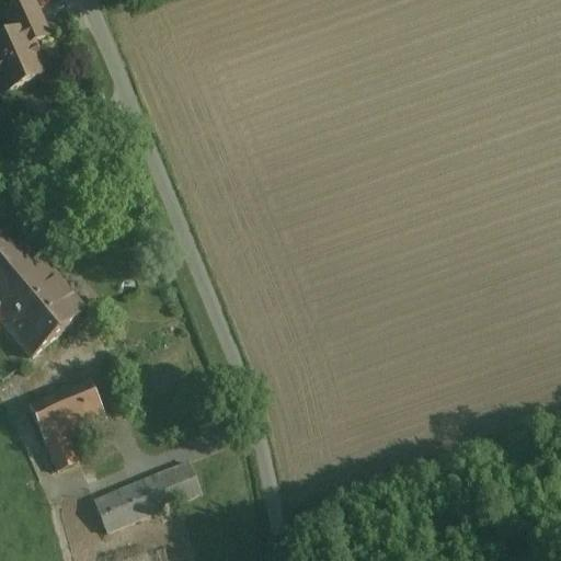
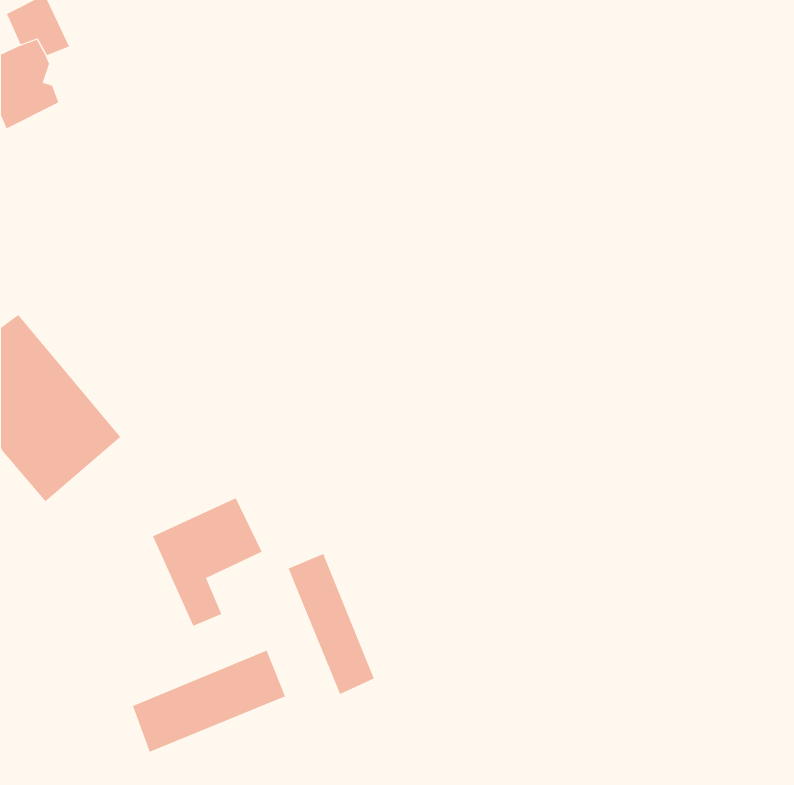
building: [28,378,106,469] -> [152,497,263,626]
building: none -> [288,553,374,695]

